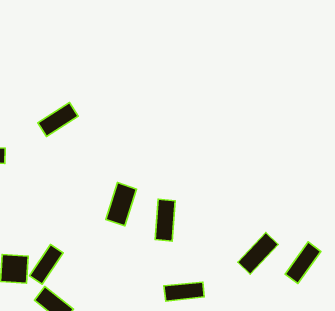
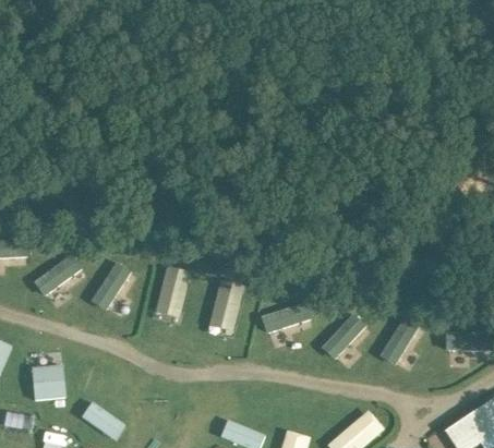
building: [38,103,78,136] -> [32,254,80,298]
building: [29,244,63,284] -> [91,262,129,311]
building: [164,282,204,301] -> [261,304,311,331]

